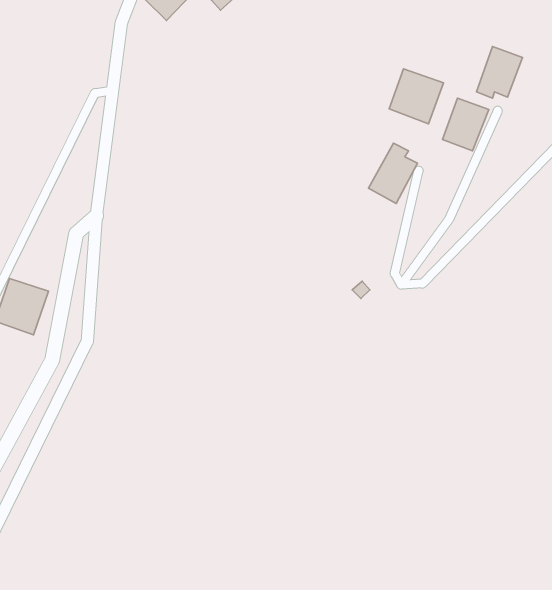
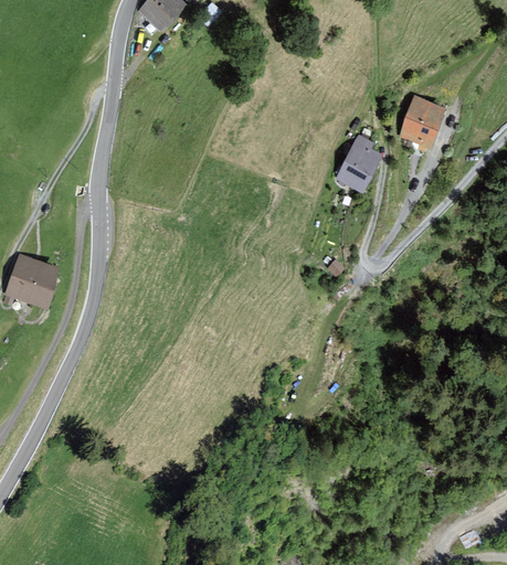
building: [476,47,523,98] -> none
building: [389,69,444,124] -> none

